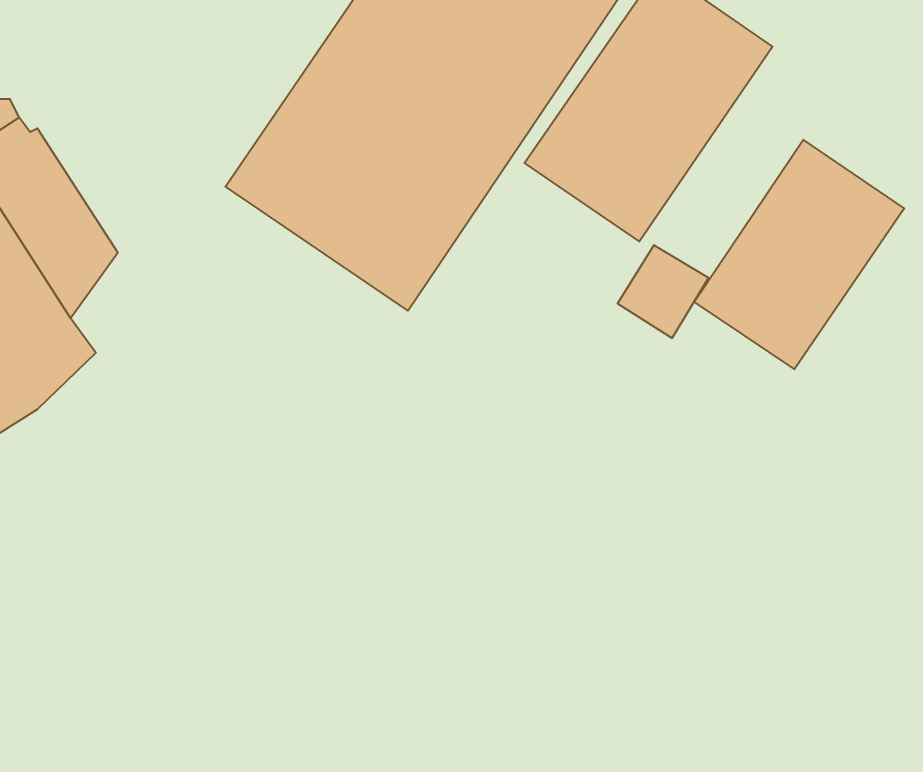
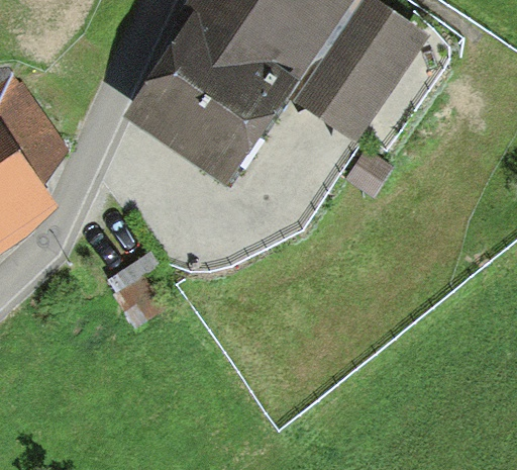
building: [694,140,904,369] -> none

